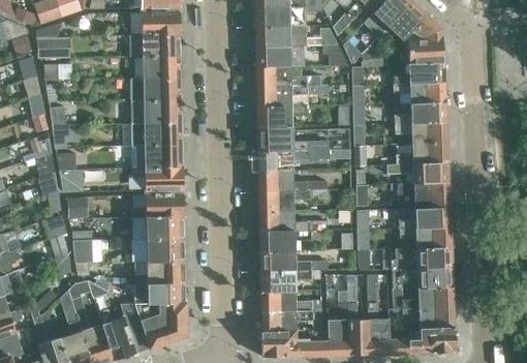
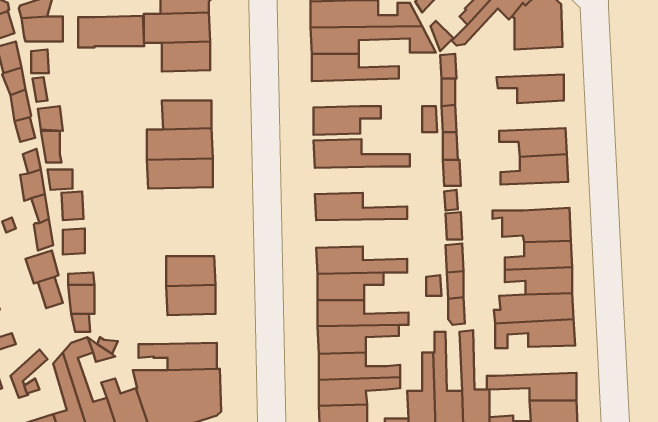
building: [394,61,444,84] -> none
building: [130,79,180,102] -> [78,16,144,48]
building: [255,84,328,107] -> none
building: [396,101,445,124] -> none
building: [257,150,350,172] -> none
building: [388,162,448,184] -> none
building: [132,167,184,190] -> none
building: [258,190,327,212] -> none
building: [132,194,184,219] -> none
building: [136,262,184,284] -> none
building: [393,285,454,308] -> none

